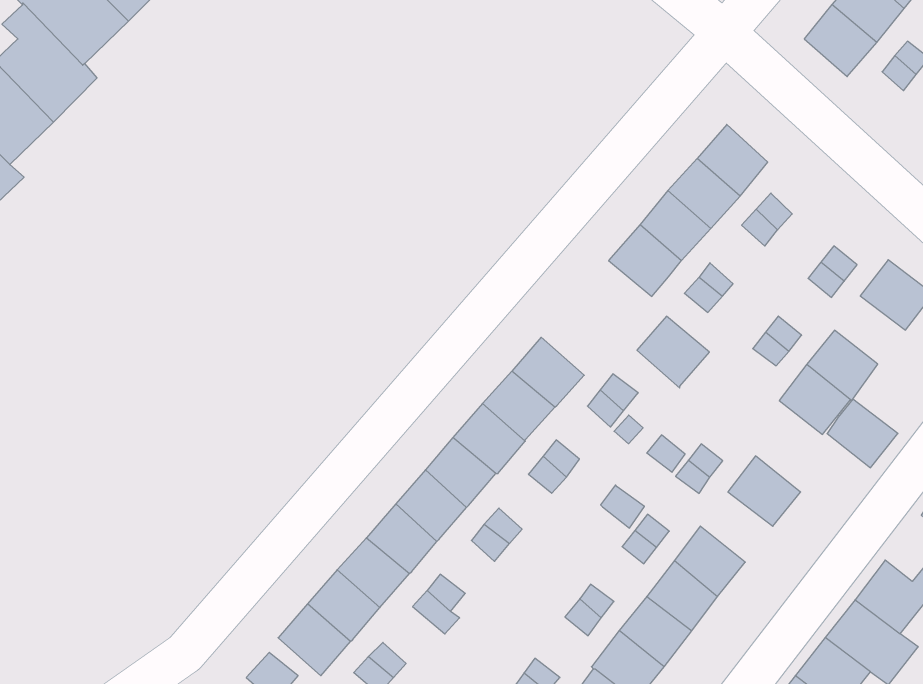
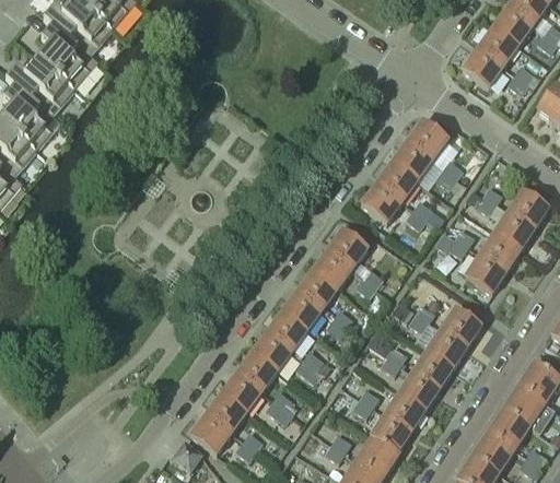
building: [637,316,709,388] -> [325,232,366,272]
building: [827,399,898,468] -> [492,214,533,252]
building: none -> [424,332,466,372]

